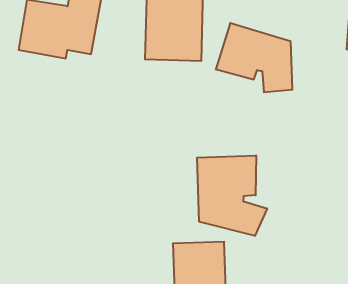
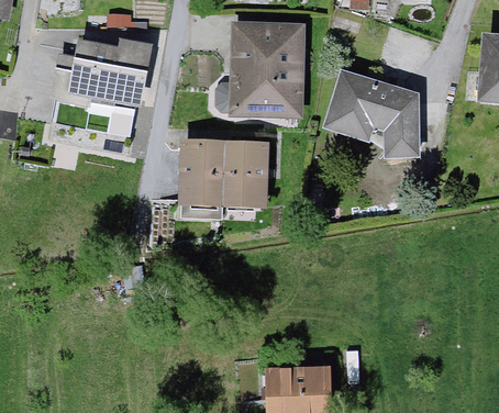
building: none -> [182,135,279,219]
building: [197,155,267,236] -> none

